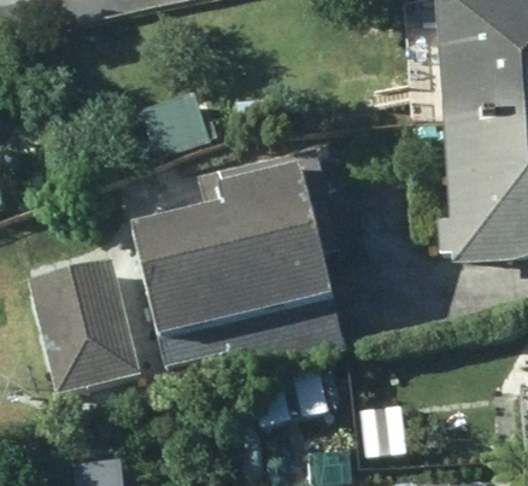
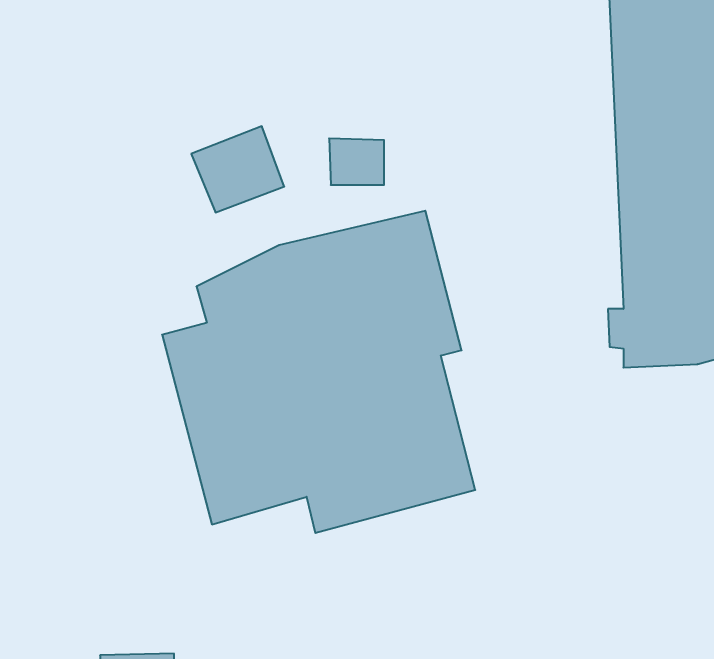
building: [29,260,136,393] -> none

